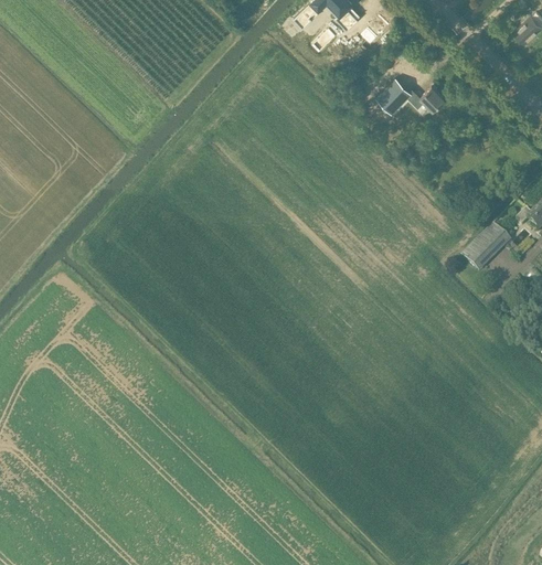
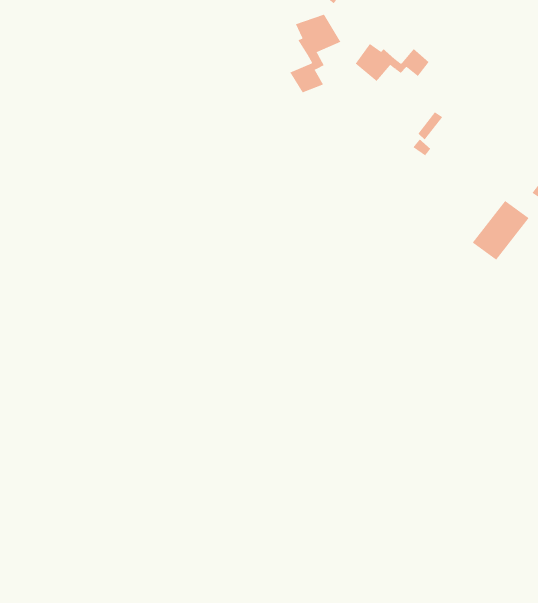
building: none -> [290,14,341,93]

